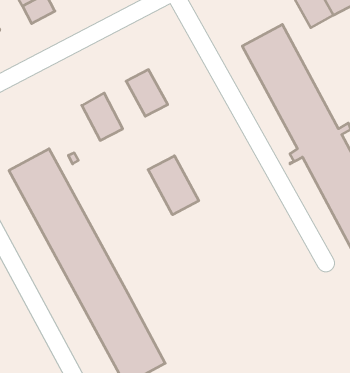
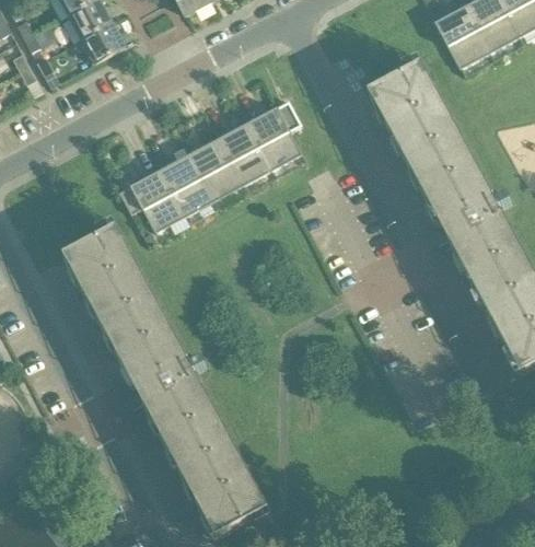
building: none -> [246,105,301,167]
building: none -> [188,137,242,199]
building: none -> [118,168,183,230]
building: [148,156,199,215] -> none

